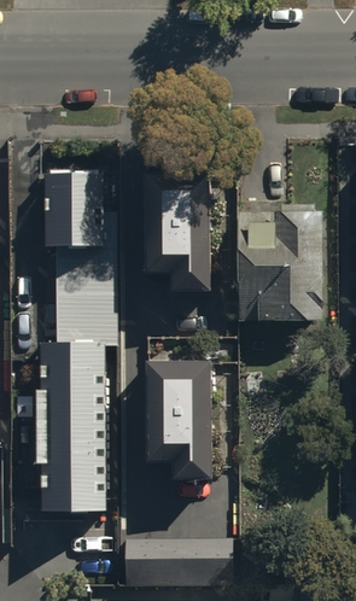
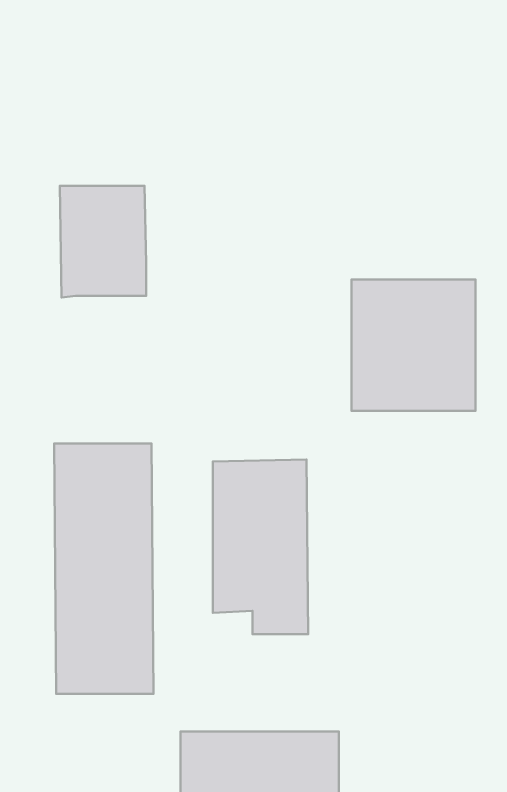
building: [146,186,211,285] -> none
building: [56,224,117,345] -> none

